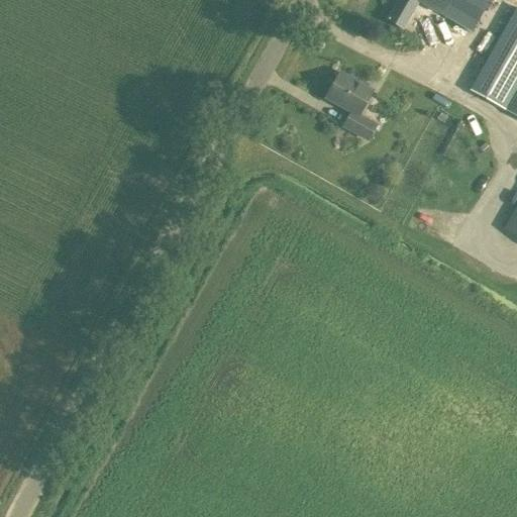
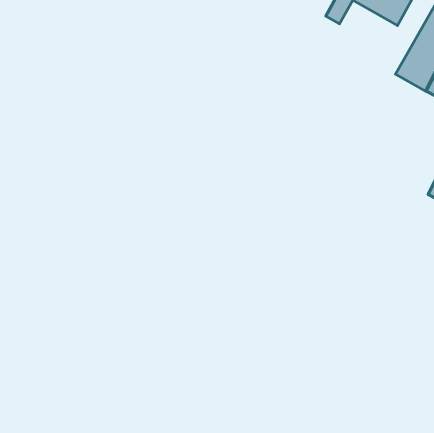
building: [327,72,378,138] -> none

